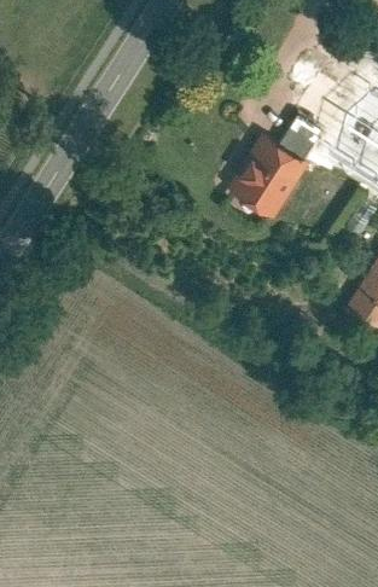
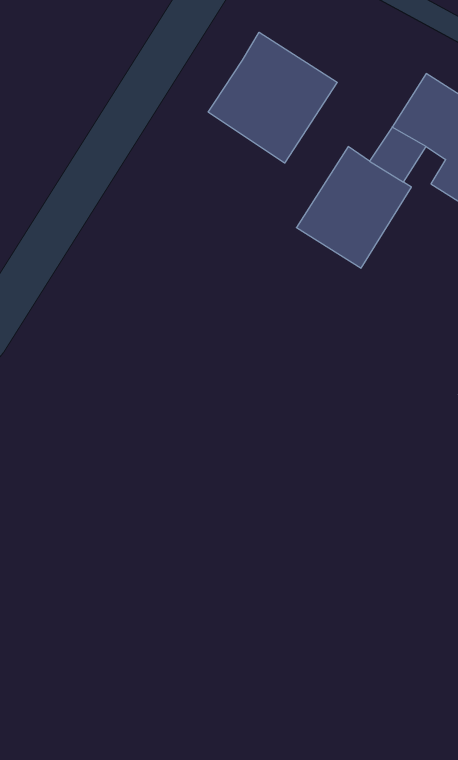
building: none -> [208,32,337,163]

